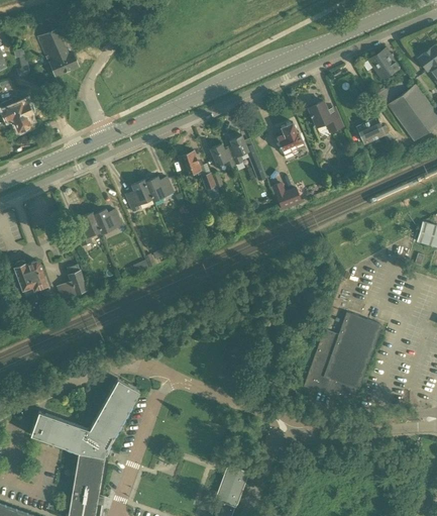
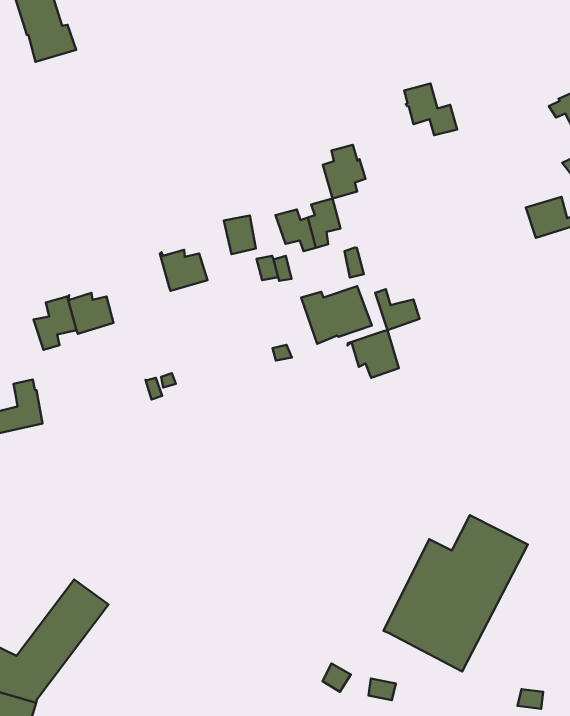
building: [308,102,342,132] -> [404,84,457,135]
building: [277,123,303,157] -> [323,145,366,199]
building: [126,181,151,212] -> none
building: none -> [301,286,372,344]
building: none -> [348,330,399,378]

